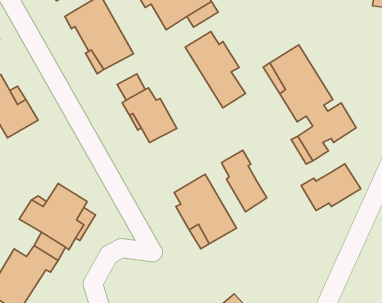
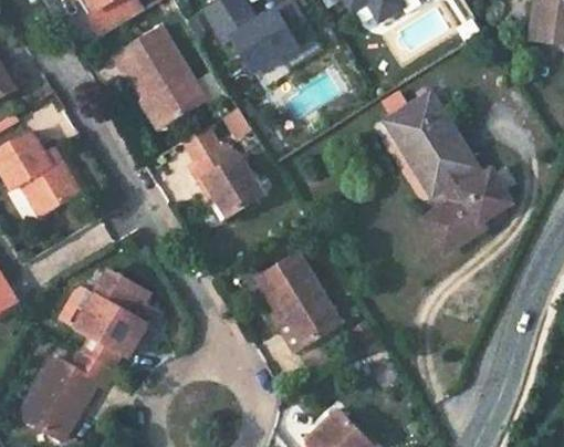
building: [185,31,245,108] -> none
building: [221,150,267,212] -> none
building: [301,164,361,210] -> none

